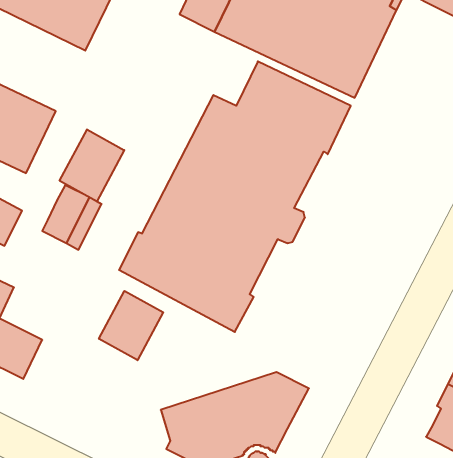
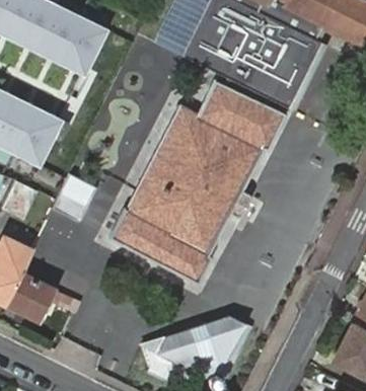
building: [60,129,124,201] -> none
building: [99,291,163,360] -> none

